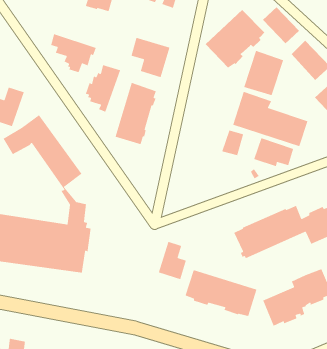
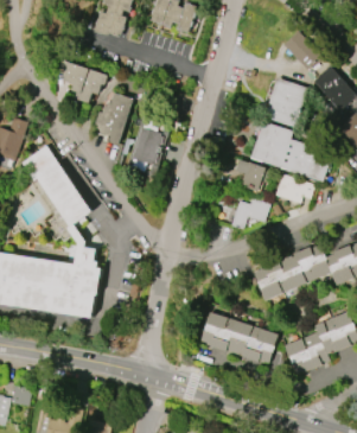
building: [205,9,265,69] -> none
building: [130,37,171,78] -> none
building: none -> [230,198,269,229]
building: [158,241,187,280] -> none

